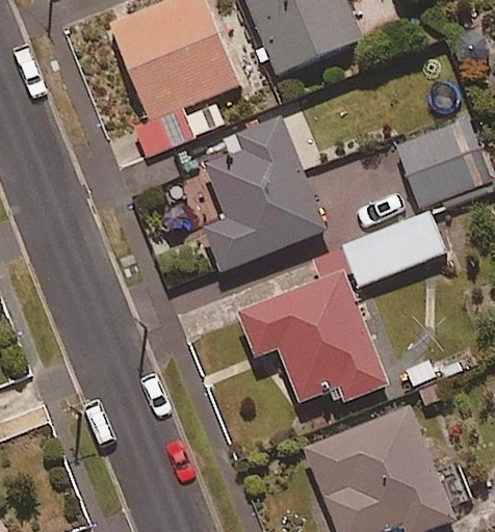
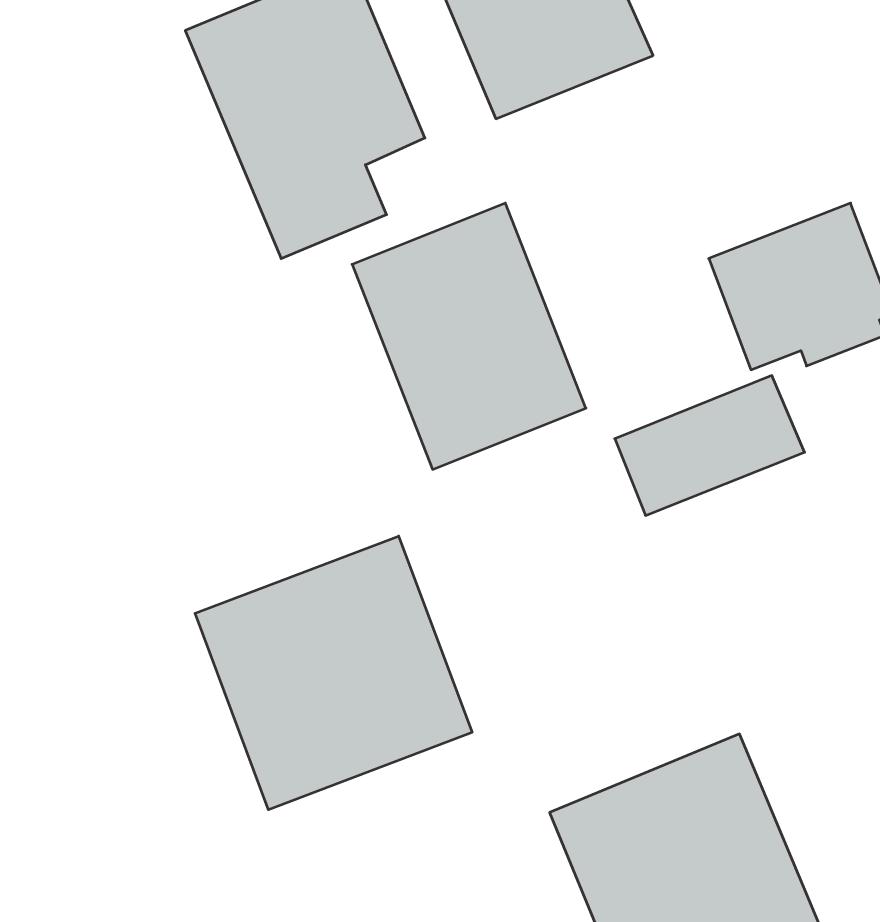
building: [238,273,387,403] -> none
building: none -> [195,536,472,810]

